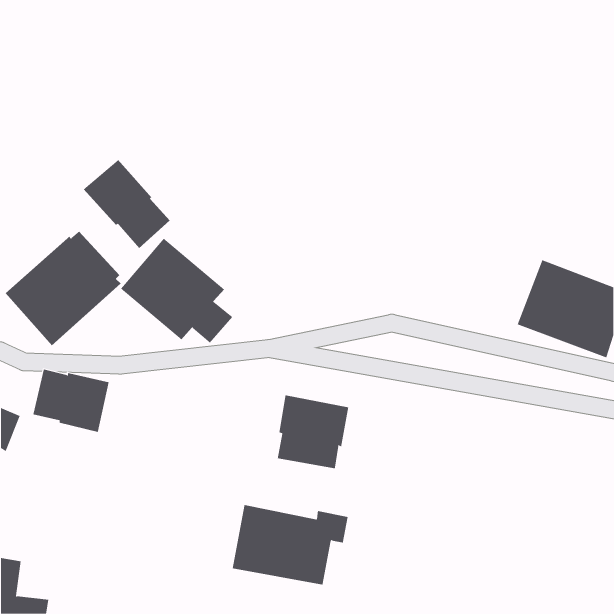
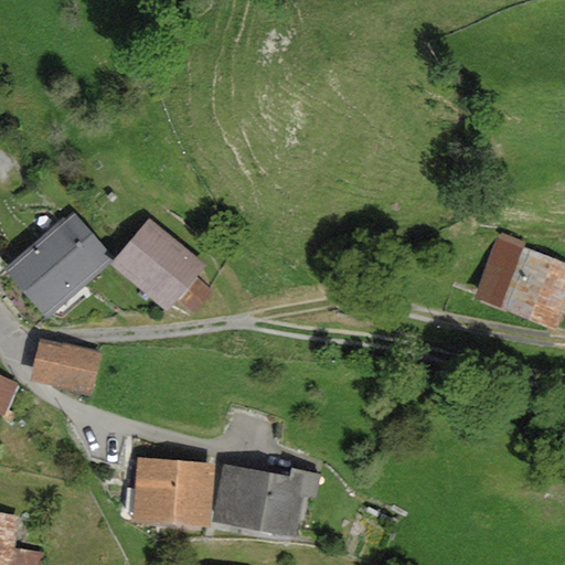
building: [83,159,171,249] -> none
building: [277,395,349,469] -> none
building: none -> [130,457,215,526]

